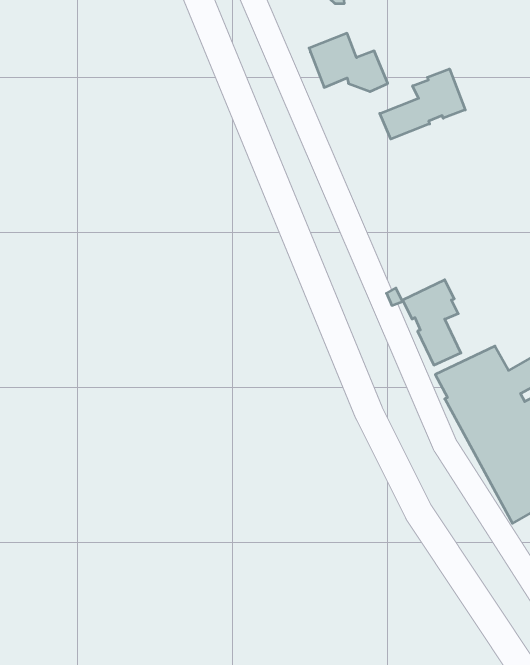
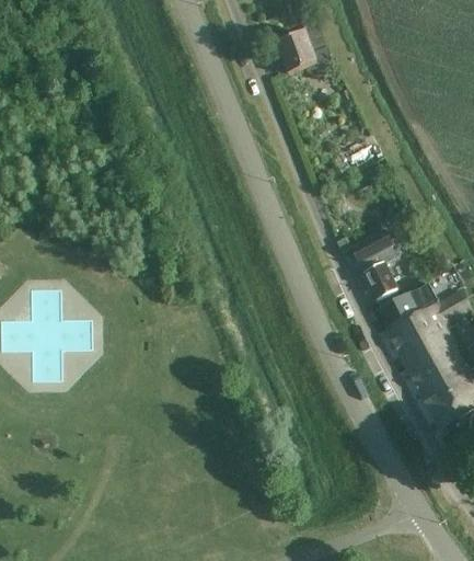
building: [380,69,465,139] -> none

